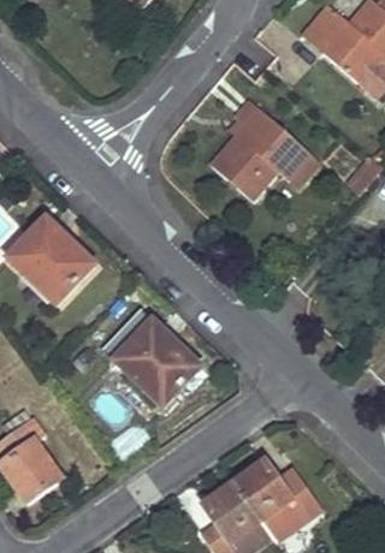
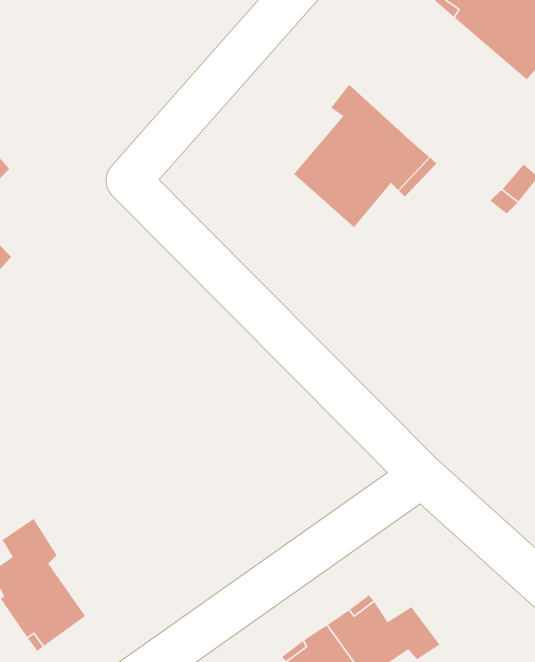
building: [7,216,94,302] -> none
building: [116,319,202,405] -> none

